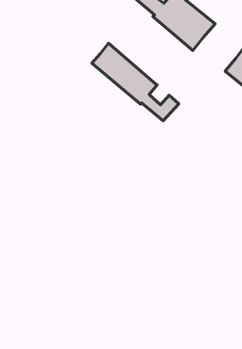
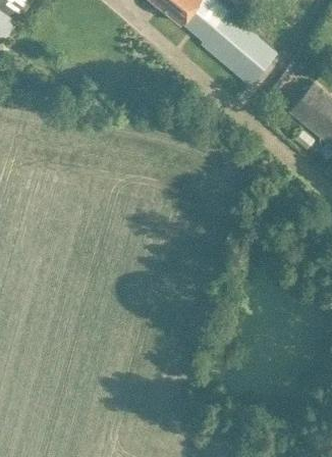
building: [92,43,179,121] -> none

